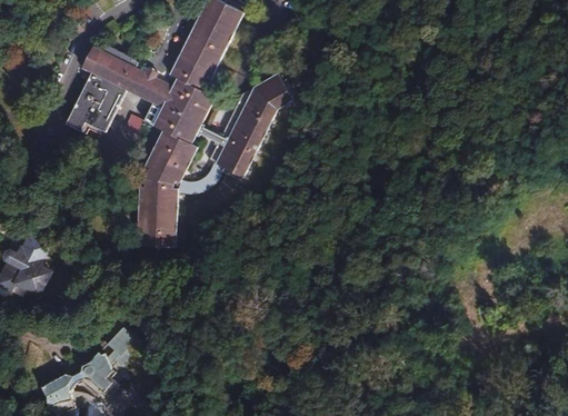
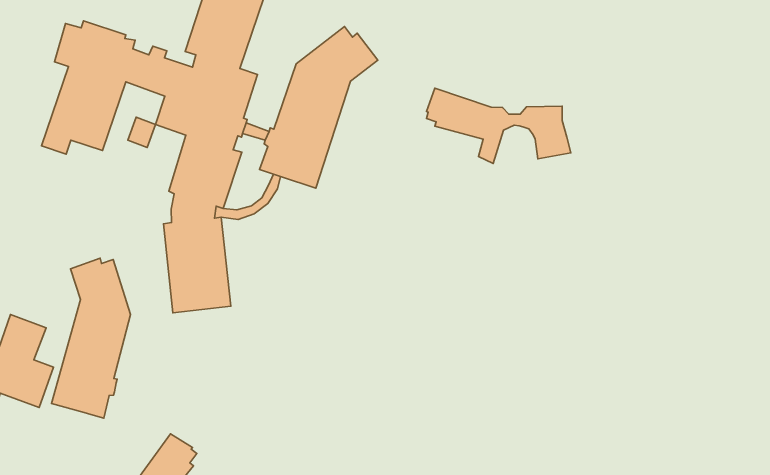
building: none -> [426,88,571,163]
building: none -> [52,258,131,418]

